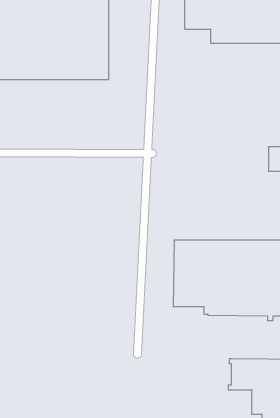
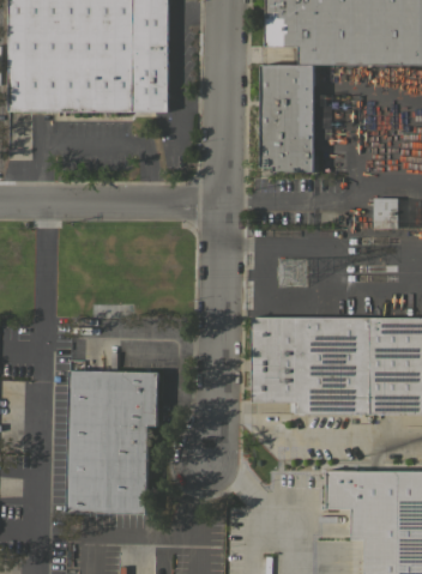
building: none -> [260,65,313,170]
building: none -> [66,369,157,513]

